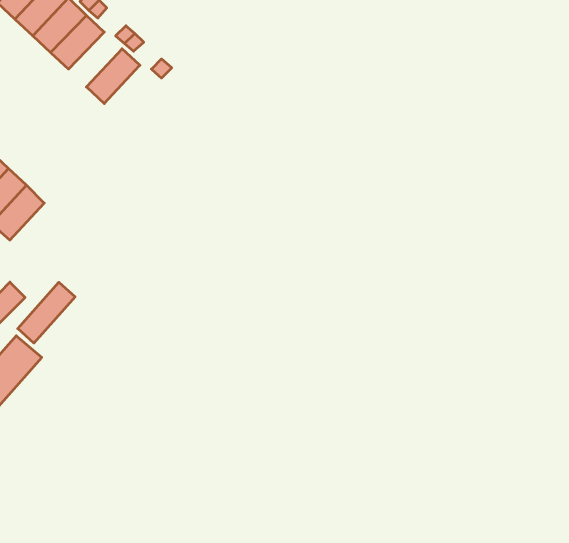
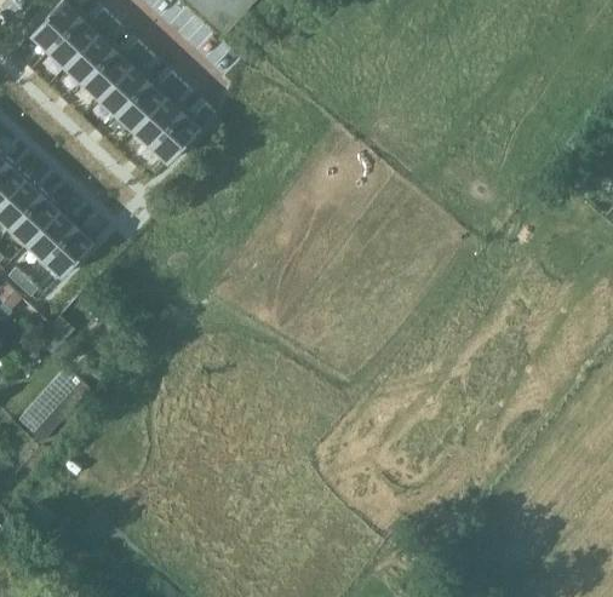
building: none -> [115,79,166,131]
building: none -> [149,110,200,162]
building: [18,282,75,343] -> none

